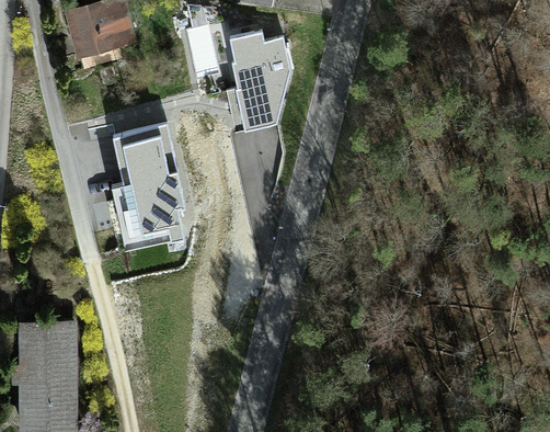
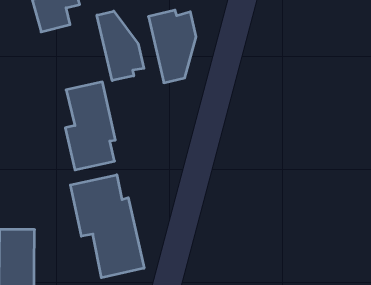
building: none -> [97,11,144,81]
building: none -> [70,175,144,278]

